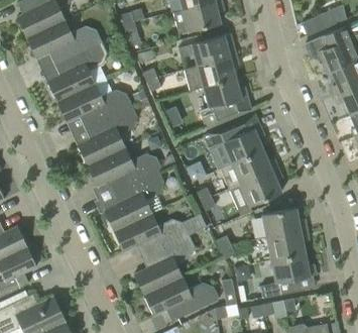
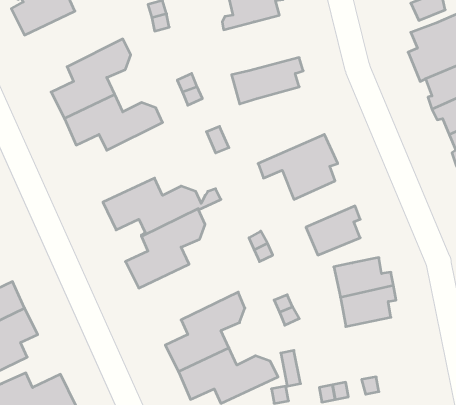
building: [26,20,101,63] -> none
building: [178,33,235,66] -> none
building: [200,78,250,129] -> none
building: [77,105,137,165] -> none
building: [220,149,277,190] -> none
building: [113,213,205,255] -> none
building: [260,253,316,299] -> none

